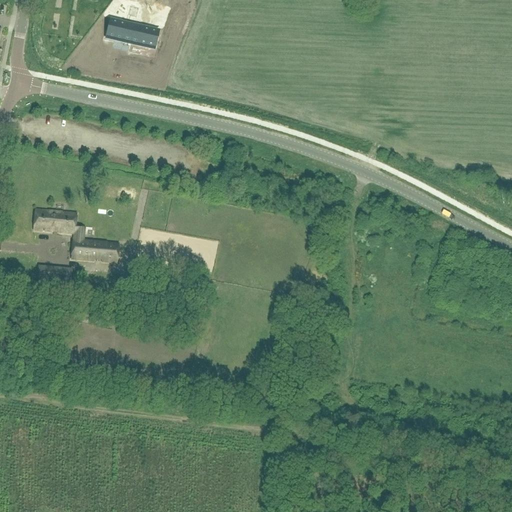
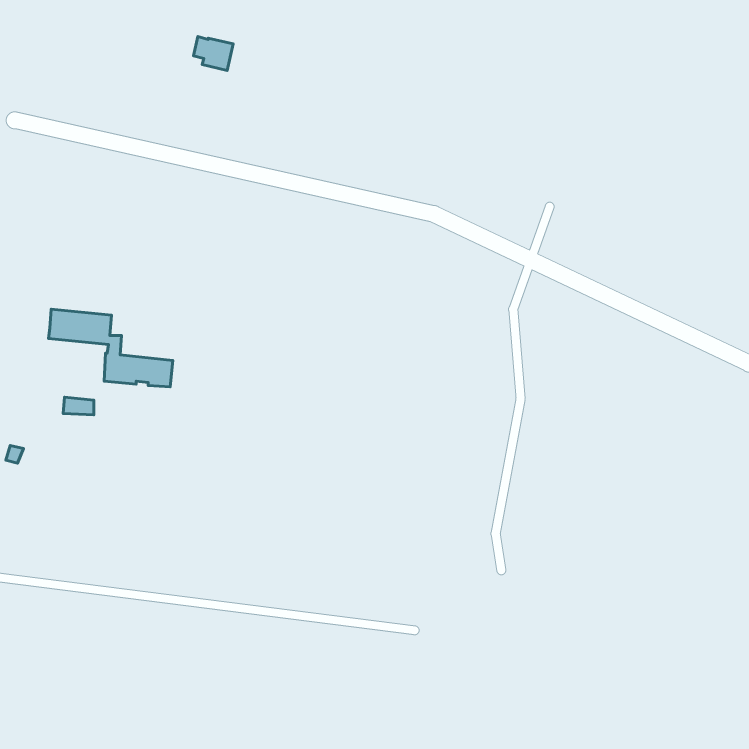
building: [107,19,135,40] -> none

